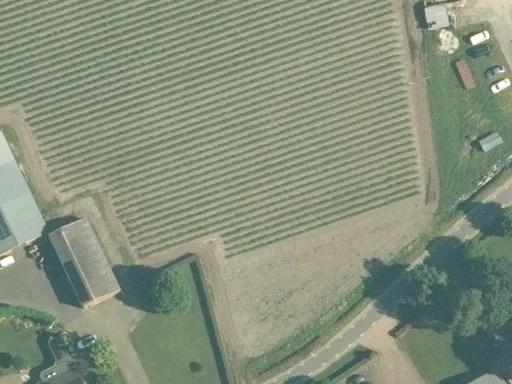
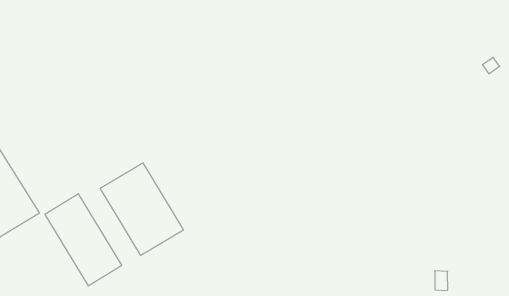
building: none -> [100,163,183,255]

